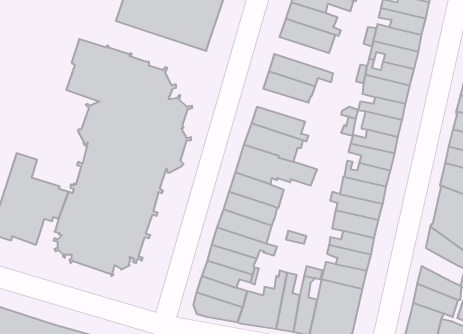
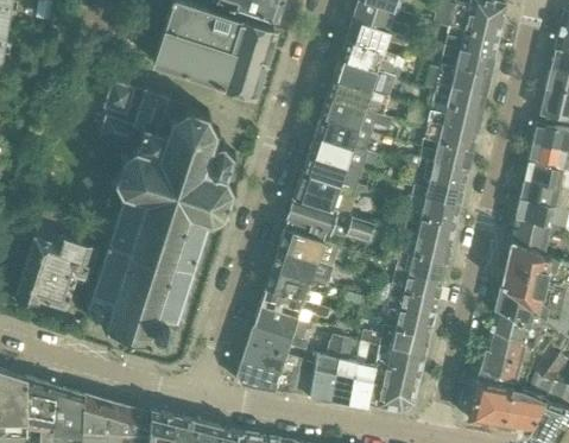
building: none -> [328,78,385,115]
building: none -> [309,135,381,172]
building: none -> [491,311,530,349]

